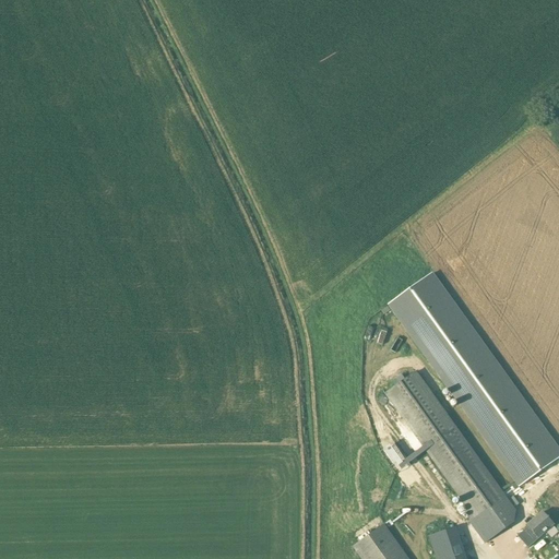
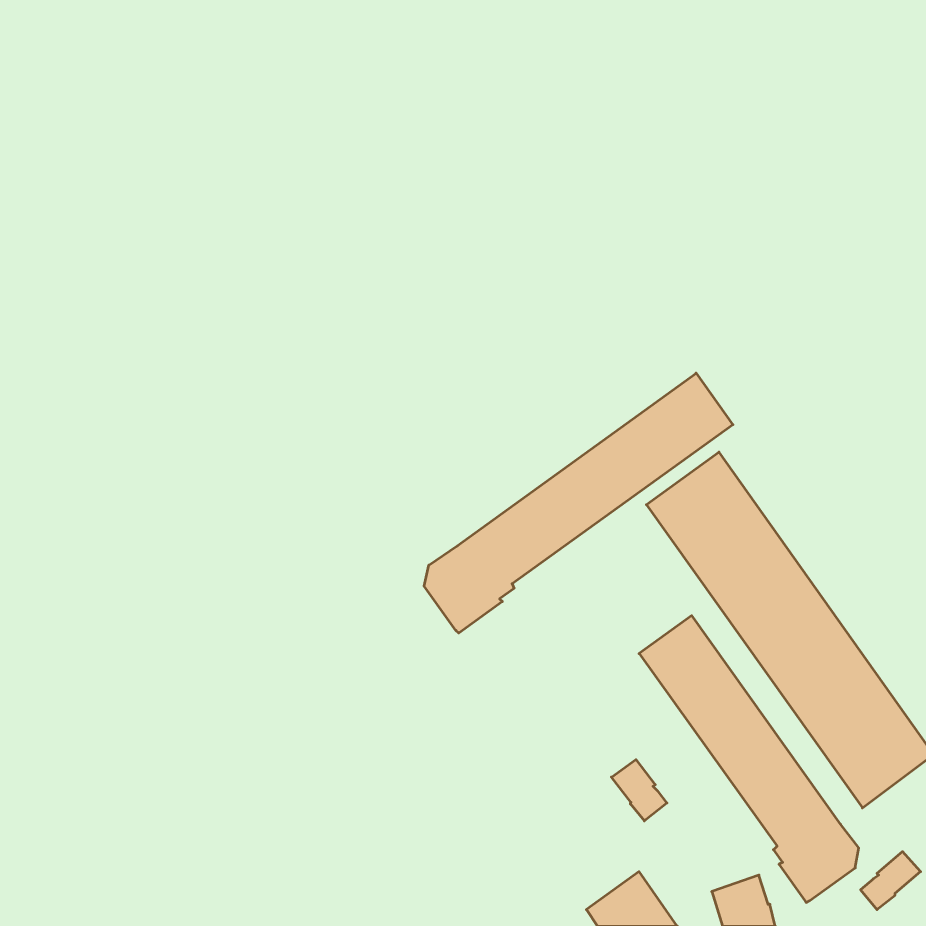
building: none -> [424,373,733,633]
building: none -> [611,760,667,821]

